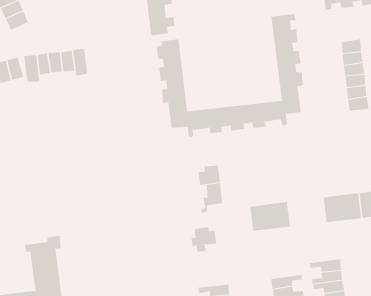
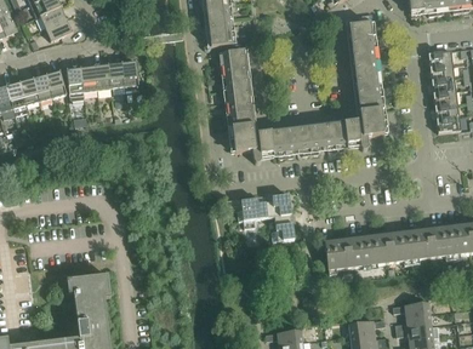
building: none -> [367,230,411,264]
building: [191,227,217,252] -> [236,198,267,227]

